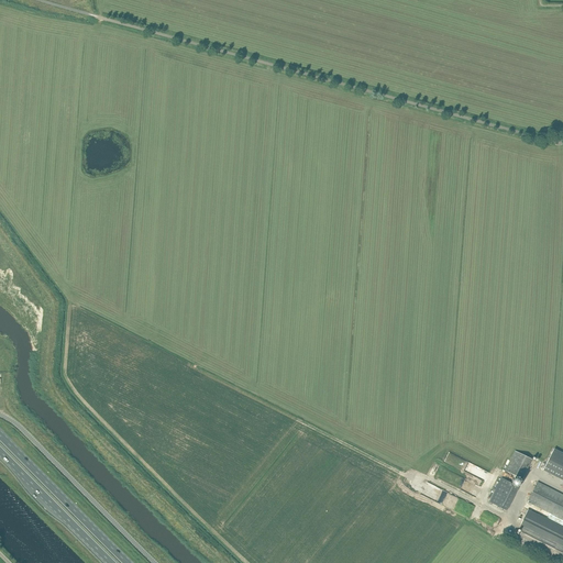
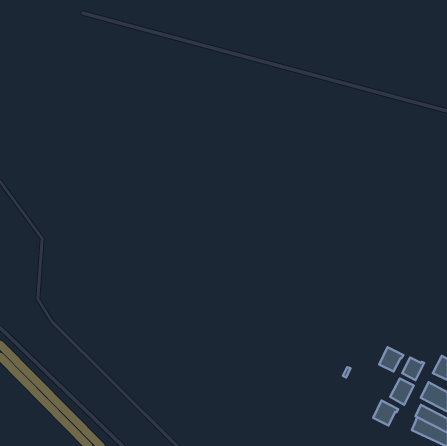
building: none -> [379,347,403,372]
building: none -> [373,401,398,425]

